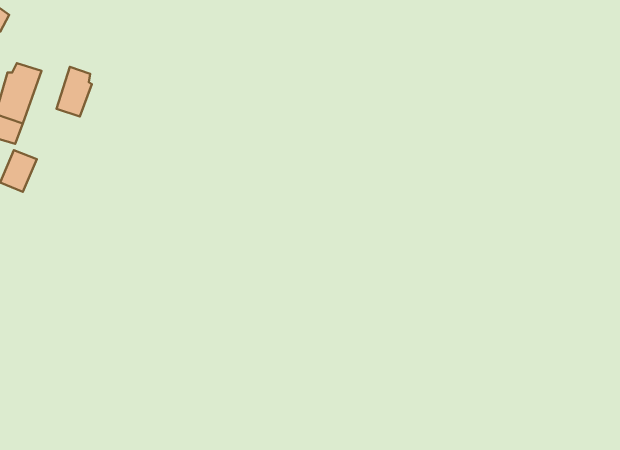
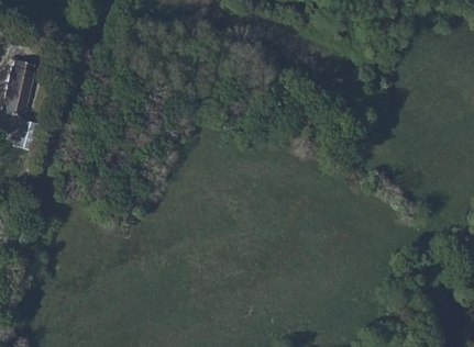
building: [57,67,92,116] -> none

